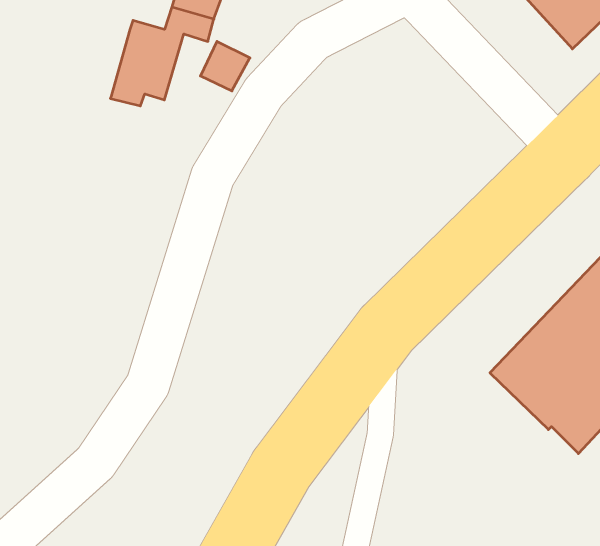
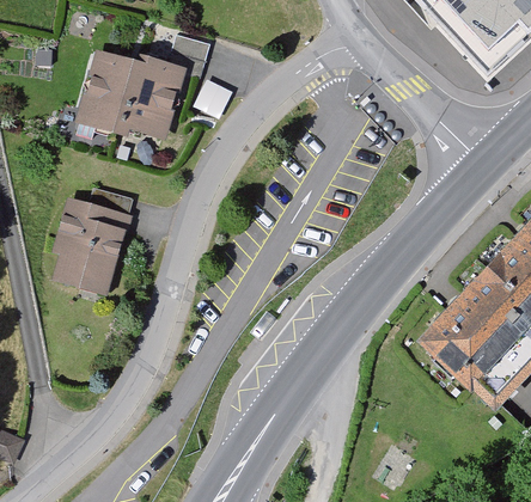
building: none -> [77,50,138,130]
building: none -> [57,179,134,284]

